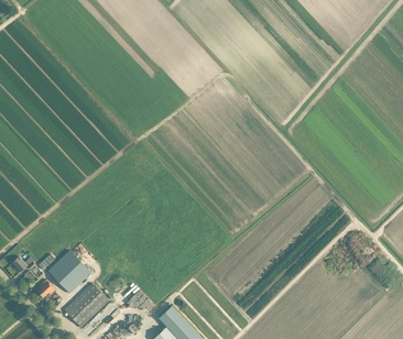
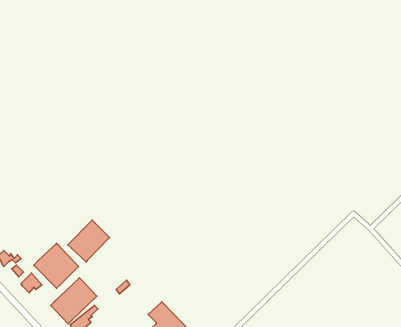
building: none -> [68,220,109,262]

